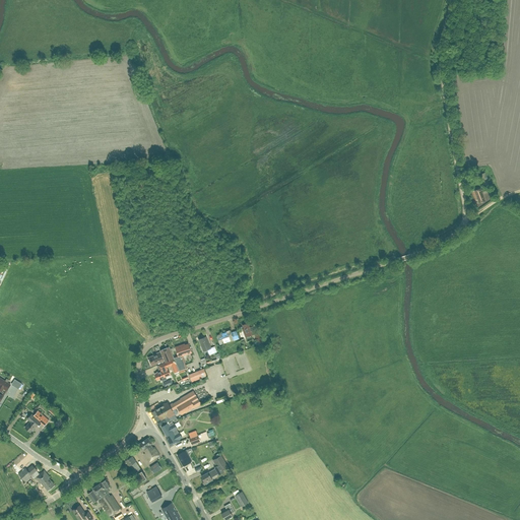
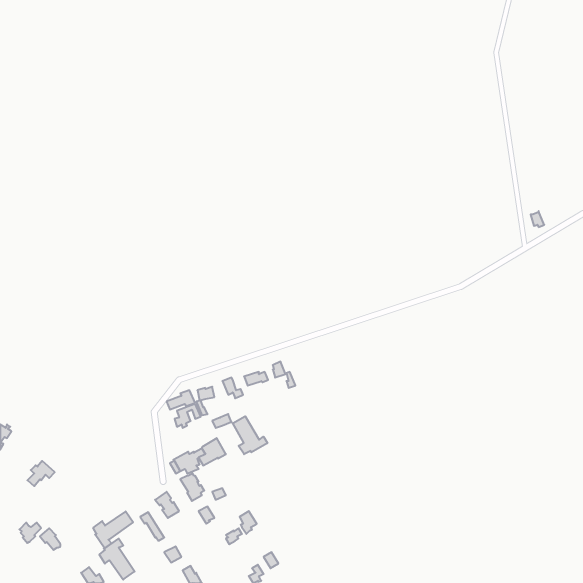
building: none -> [233,416,267,454]
building: none -> [93,511,133,548]

